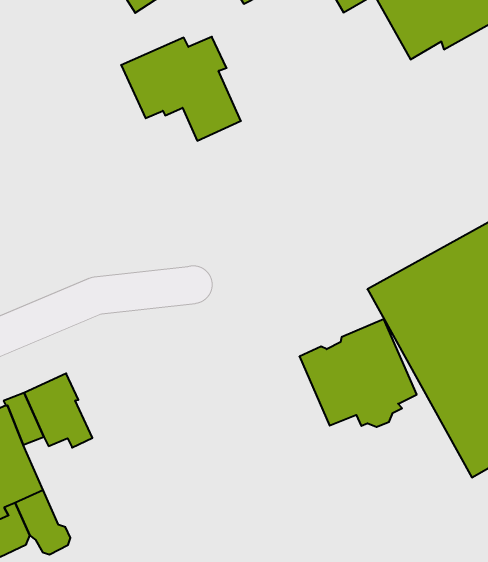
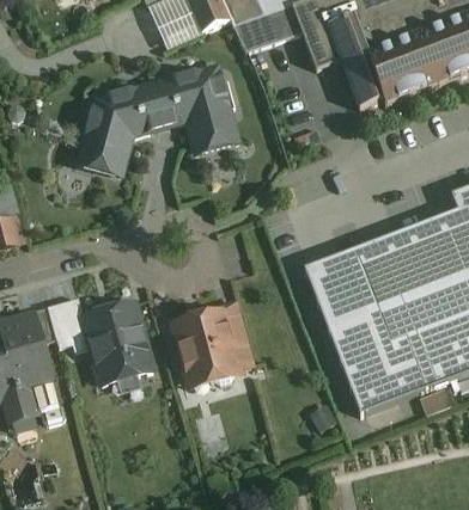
building: none -> [85,80,163,164]
building: [299,319,417,427] -> [172,305,252,381]
building: none -> [83,301,153,382]

